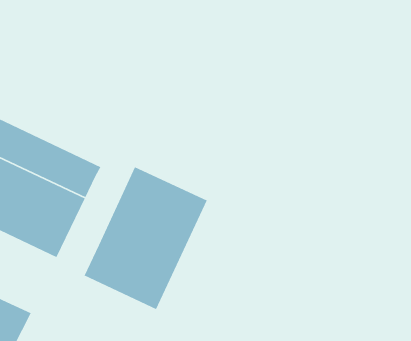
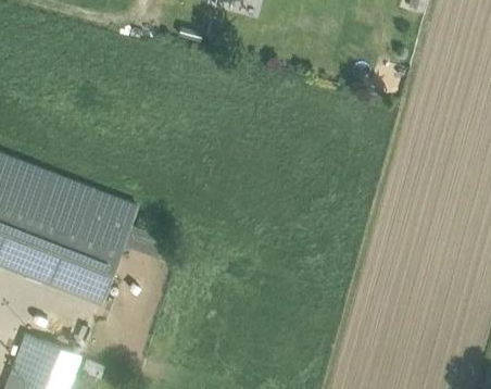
building: [84,166,208,310] -> none

